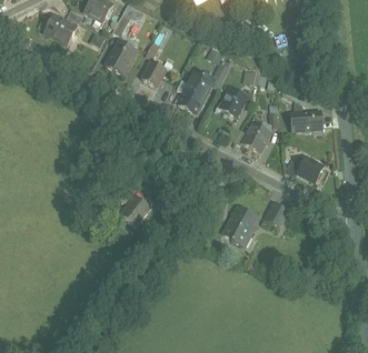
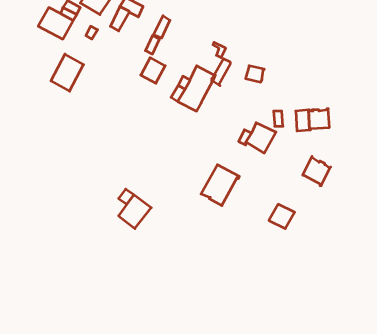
building: [105,40,136,75] -> [51,54,84,91]
building: [219,87,247,117] -> none
building: [222,206,259,245] -> [201,165,239,206]

